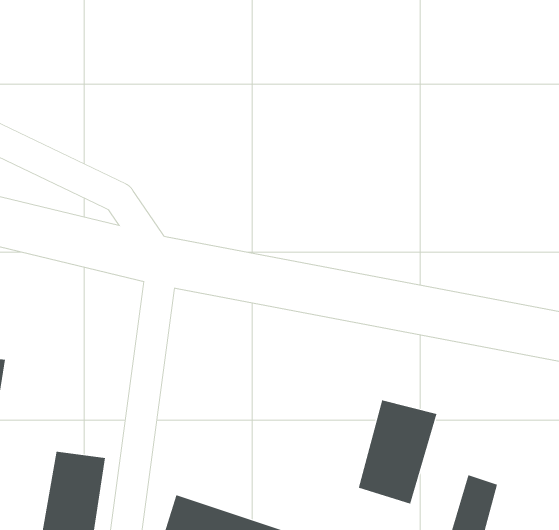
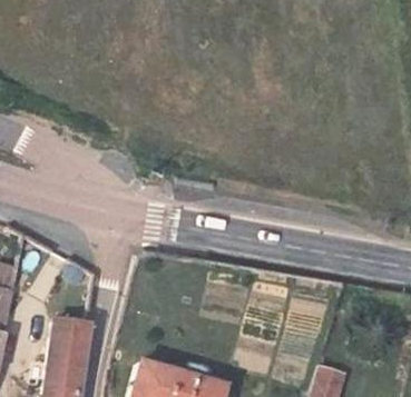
building: [358,399,437,505] -> none

